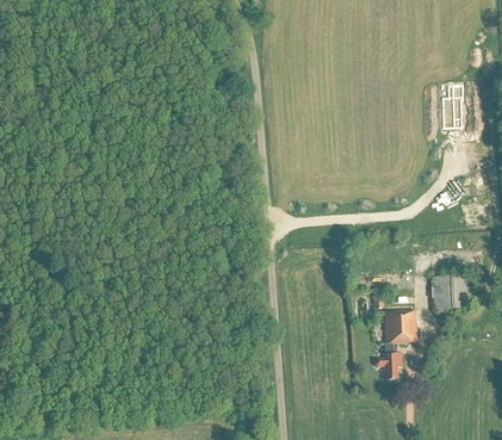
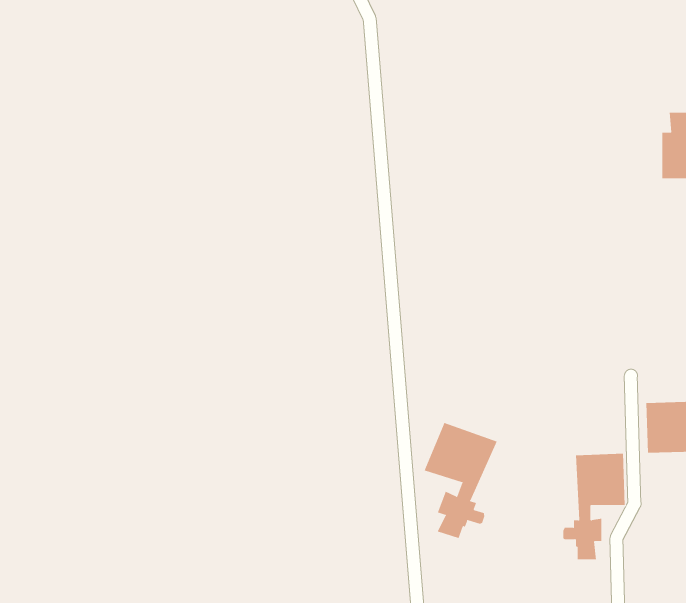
building: none -> [424,422,498,539]

